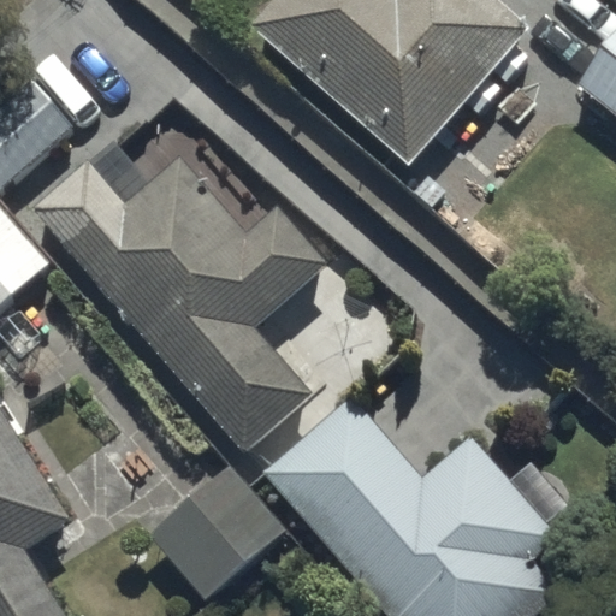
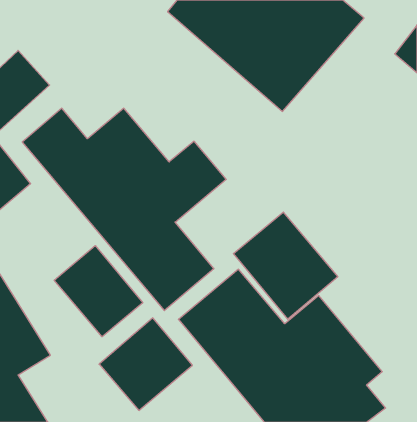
building: none -> [233,212,338,319]
building: none -> [54,246,143,337]

